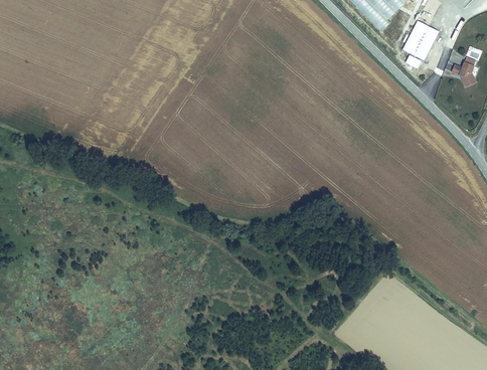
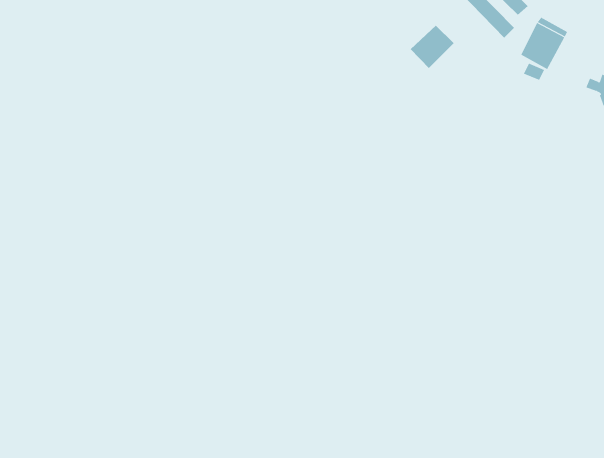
building: none -> [410,25,455,69]

